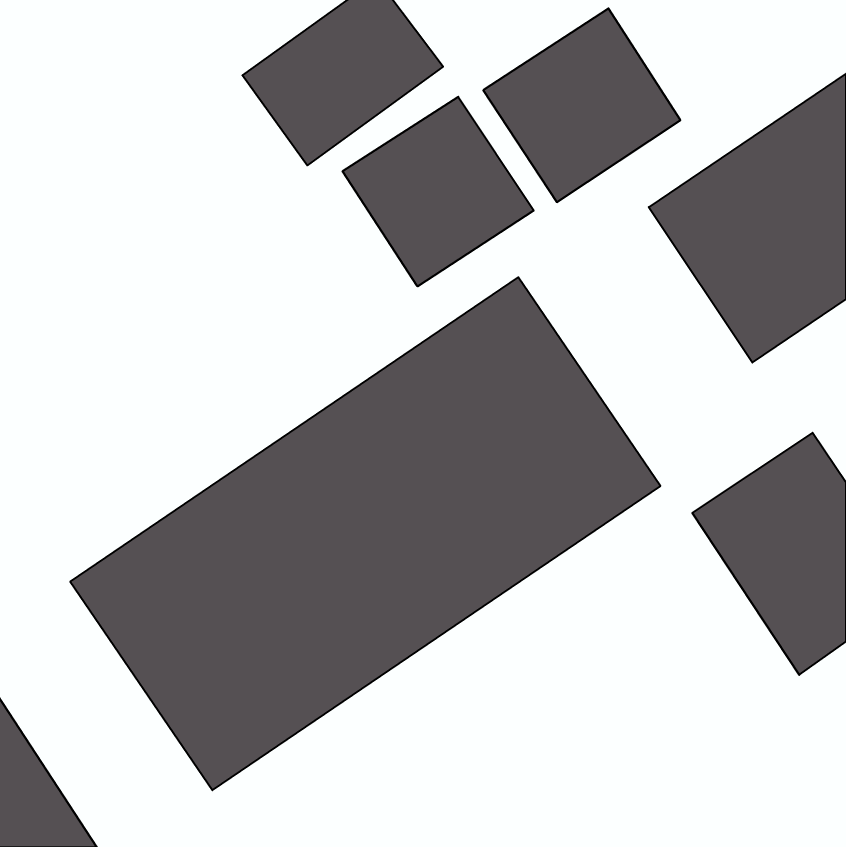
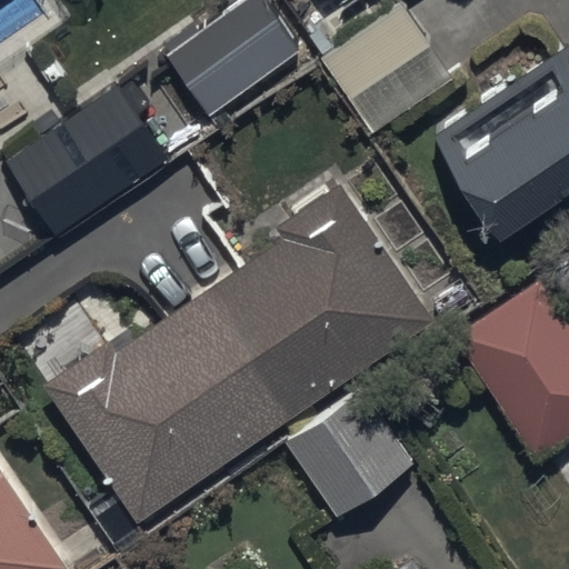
building: [343,97,534,286] -> none
building: none -> [6,83,169,236]
building: none -> [288,396,411,518]

